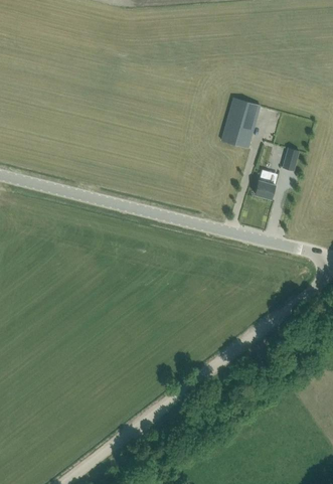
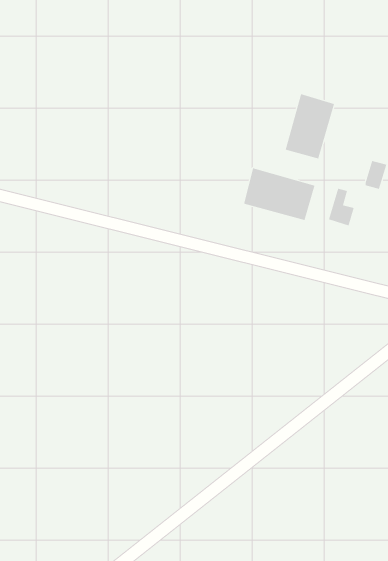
building: none -> [244,168,315,221]

